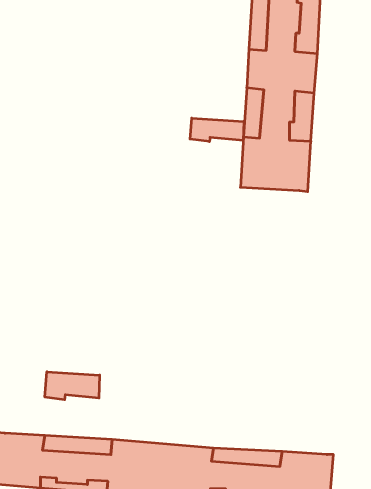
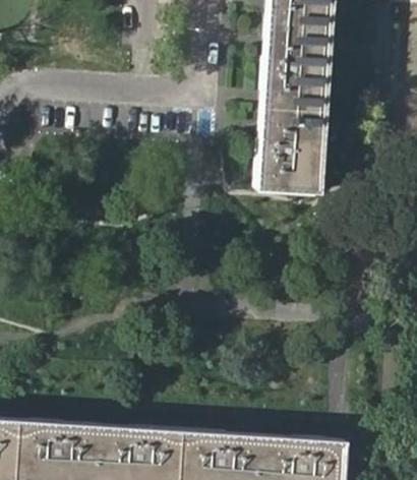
building: [190,118,244,142] -> none
building: [45,372,100,400] -> none

